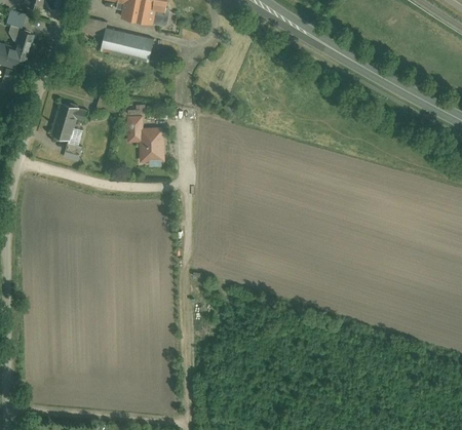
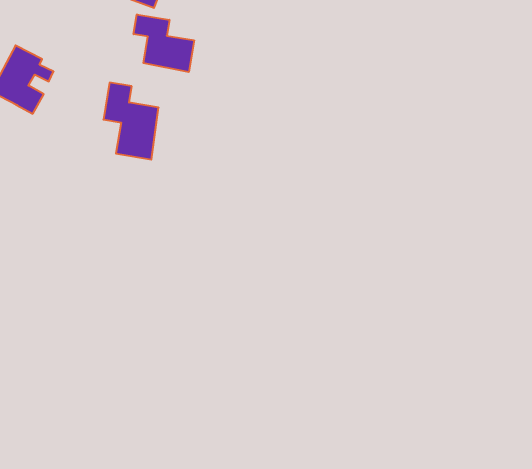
building: none -> [134,14,194,72]

